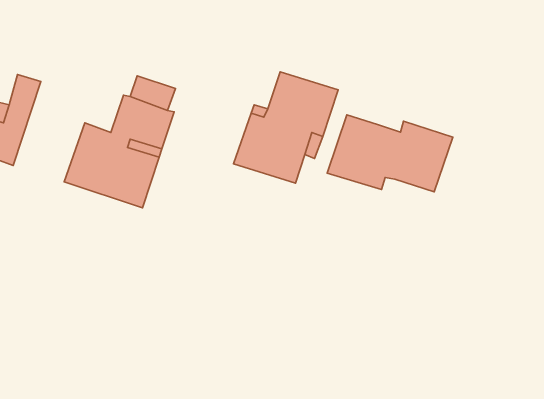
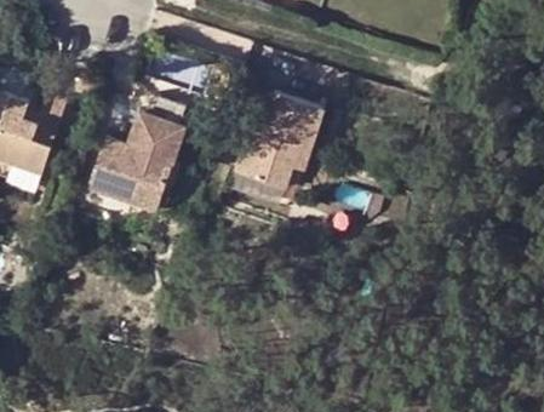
building: [327,115,453,192] -> none

